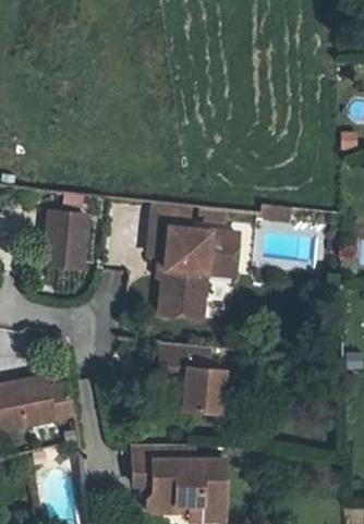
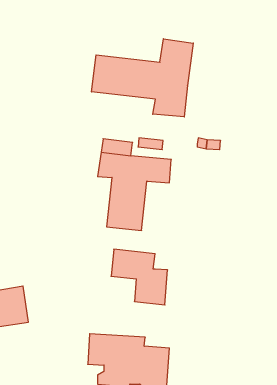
building: none -> [92,39,193,117]
building: [44,215,85,267] -> none

